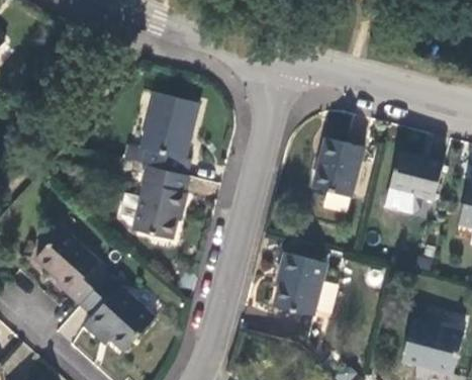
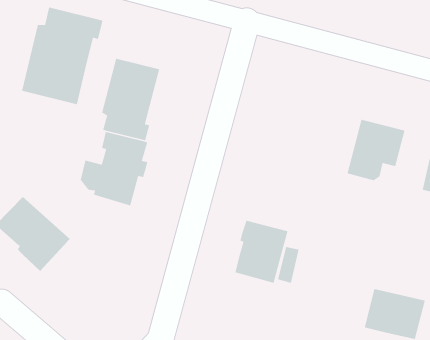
building: none -> [21,7,103,105]
building: [312,137,363,196] -> none
building: [80,274,155,352] -> none

